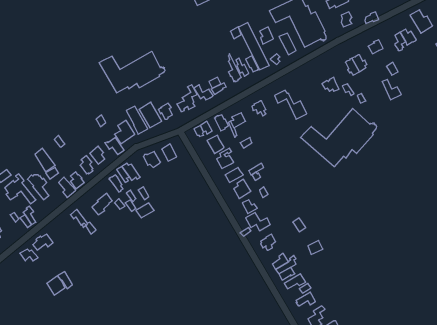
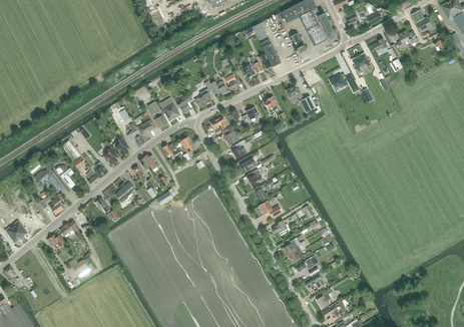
building: [99,51,165,93] -> none
building: [300,108,376,167] -> none

